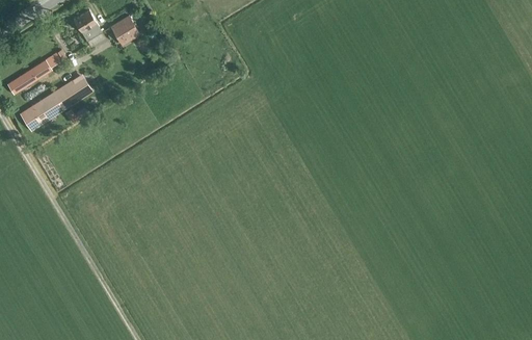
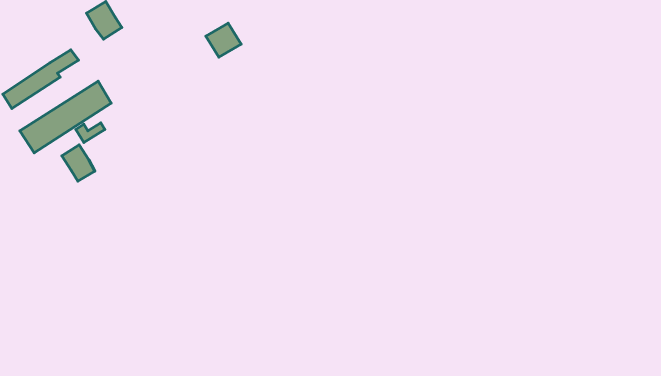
building: [110,16,138,43] -> [206,23,241,57]
building: none -> [62,145,95,181]

